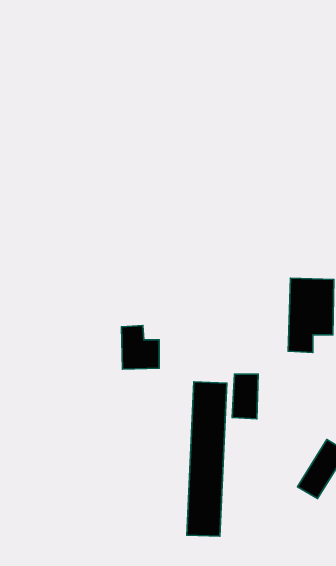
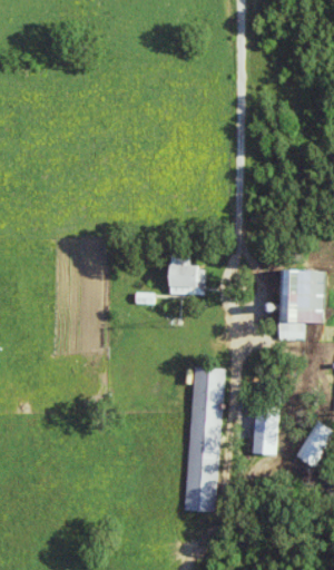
building: [121,326,159,369] -> [168,255,204,296]
building: [232,374,258,419] -> [253,413,277,455]

